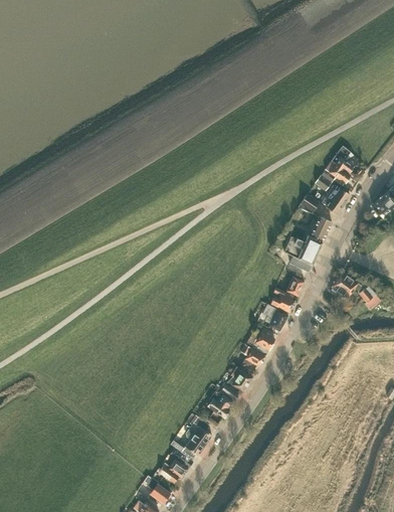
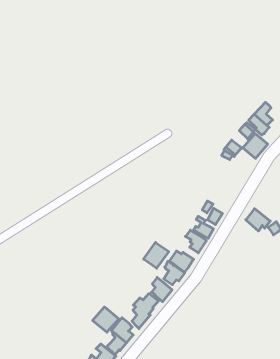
building: [283,215,332,271] -> none
building: none -> [144,242,169,268]
building: none -> [93,307,119,332]

